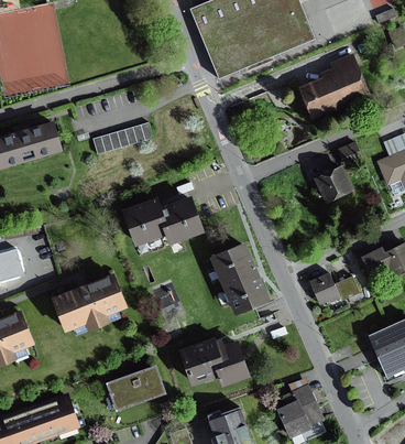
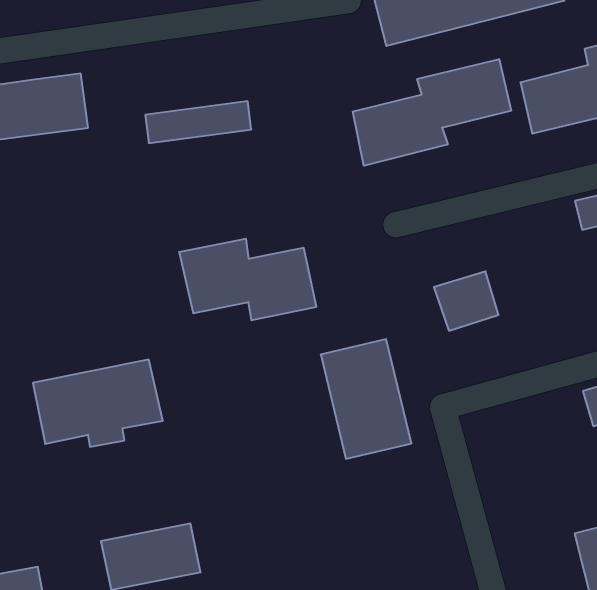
building: none -> [353,59,511,166]
building: [313,165,351,202] -> [434,271,499,331]
building: [309,272,358,303] -> none
building: [179,337,248,383] -> none

